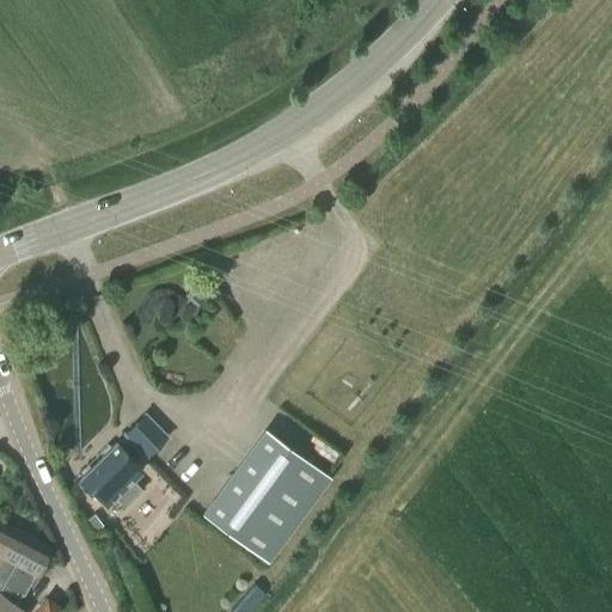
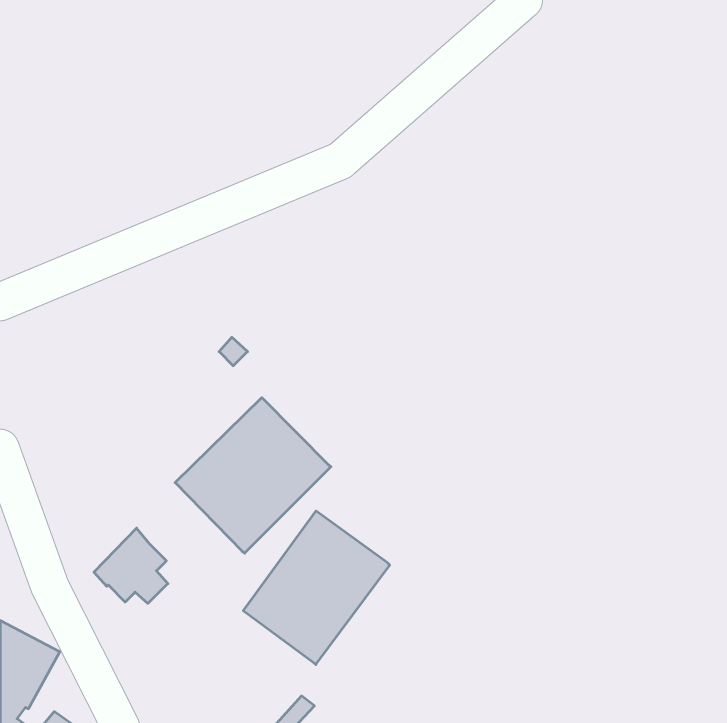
building: none -> [175,398,331,553]
building: [123,417,166,460] -> none

